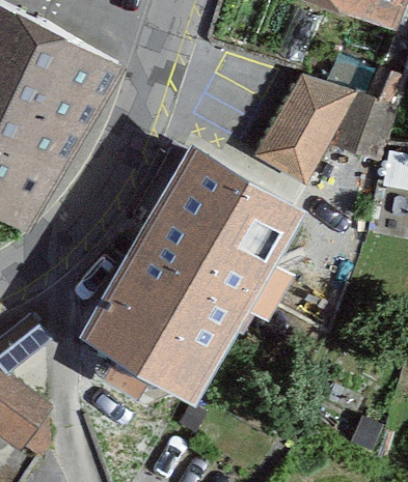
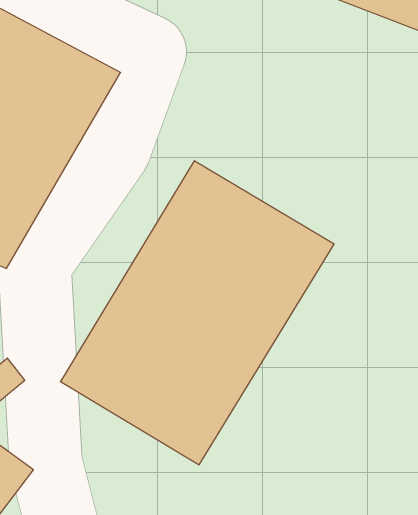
building: [252,74,362,183] -> none

